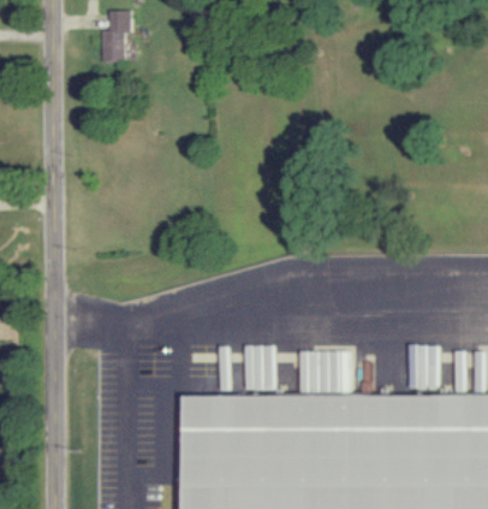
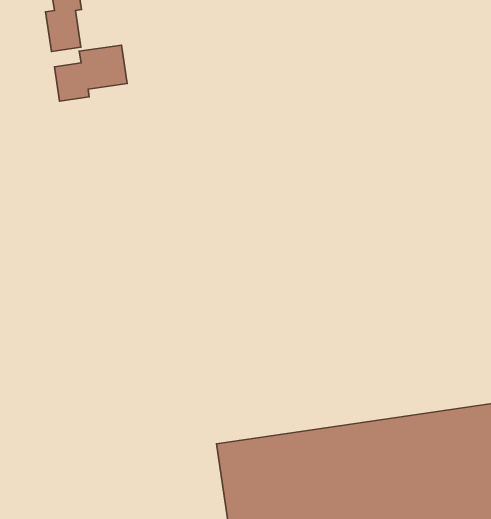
building: none -> [54,45,127,101]

